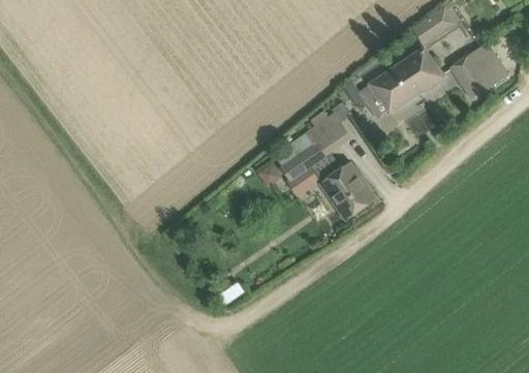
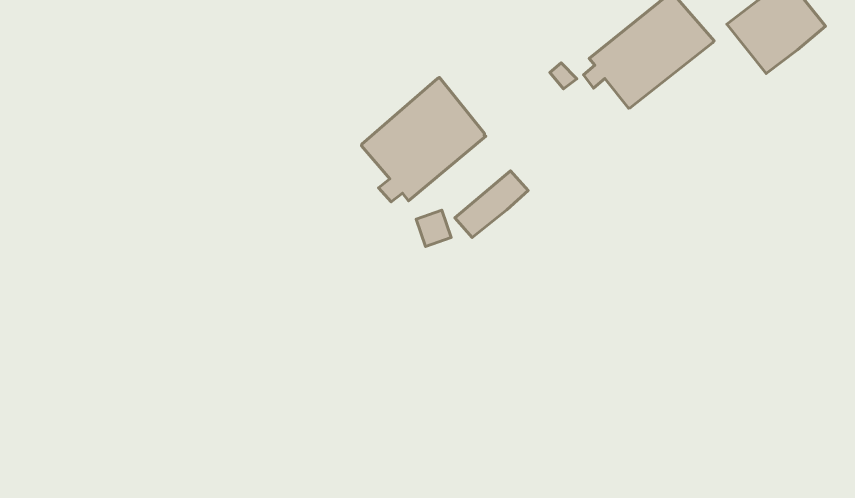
building: none -> [362,77,486,202]
building: [318,161,376,221] -> none

